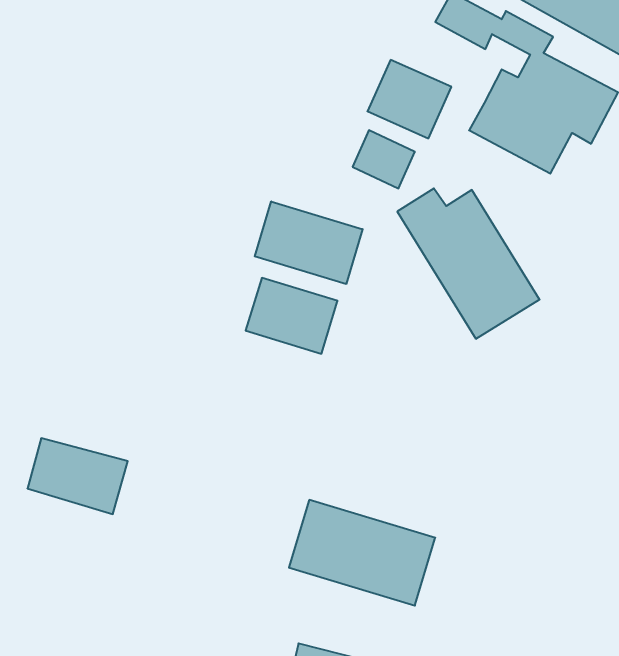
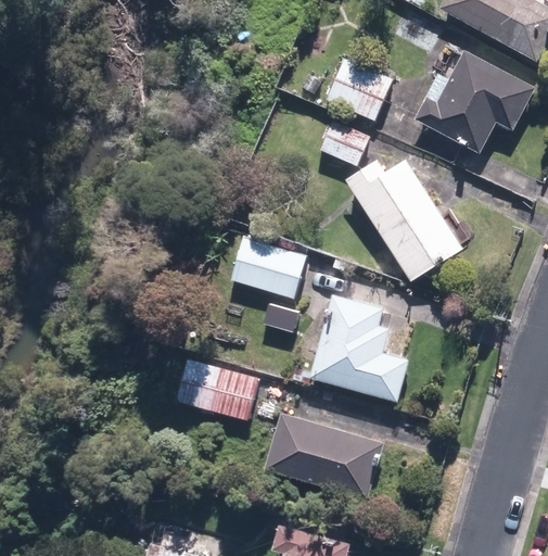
building: [255,201,363,284] -> none
building: none -> [311,293,408,400]
building: [27,438,128,514] -> [180,363,260,424]

